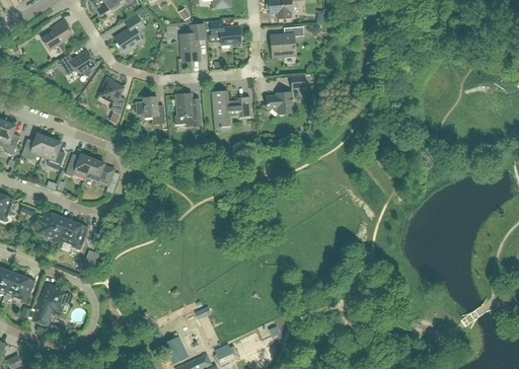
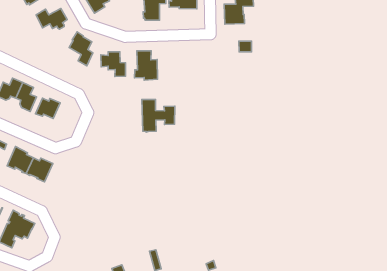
building: [212,89,250,127] -> [142,100,175,132]
building: [266,90,293,115] -> none
building: [85,157,114,184] -> none

